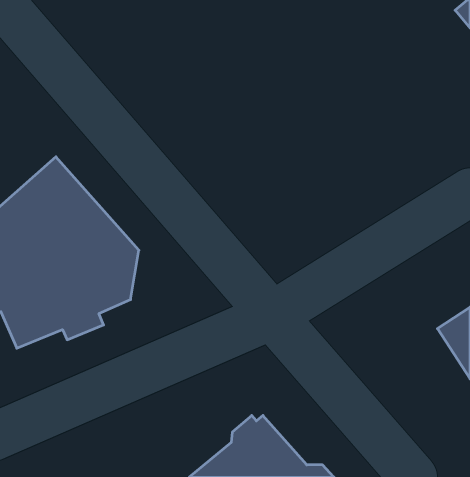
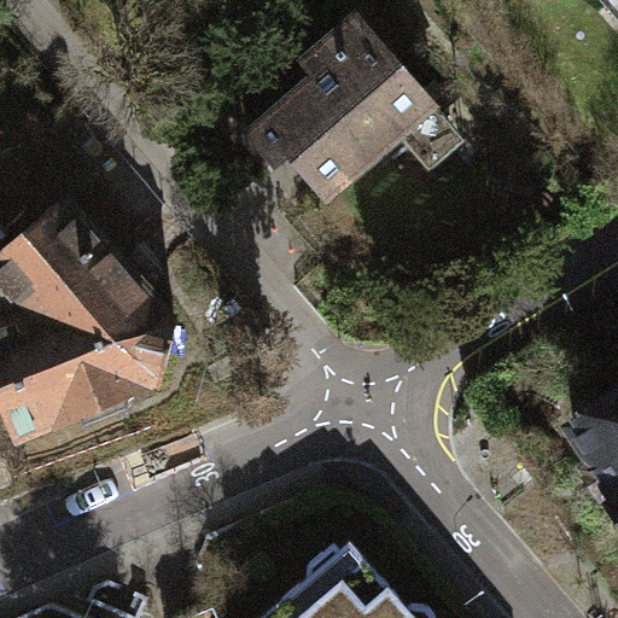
building: none -> [232,16,437,215]

